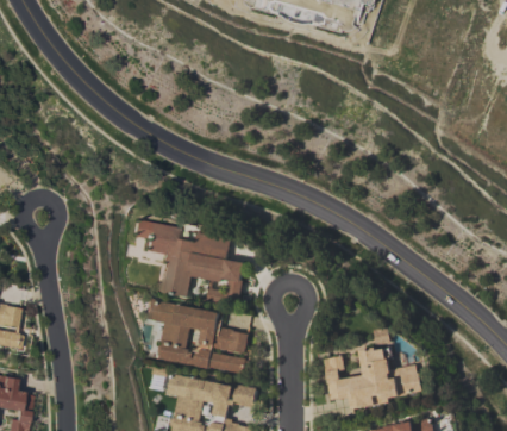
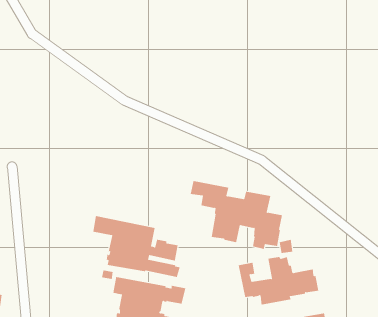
building: [131,219,246,305] -> [190,181,283,249]

